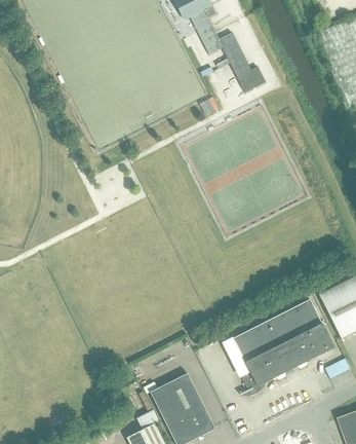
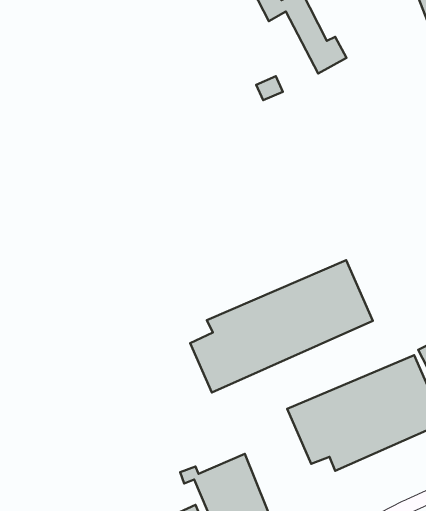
building: none -> [190,260,373,393]

